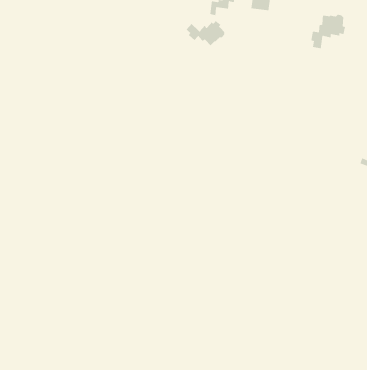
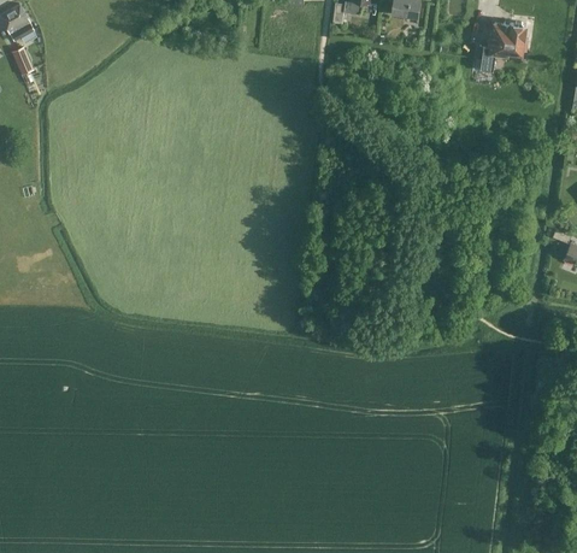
building: [186,20,225,46] -> none

